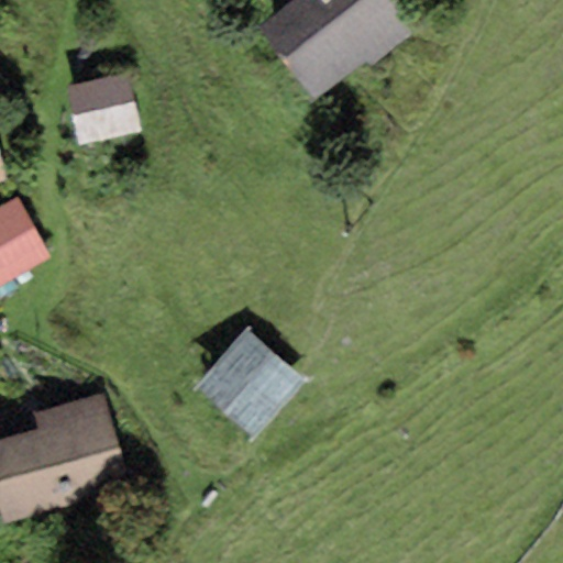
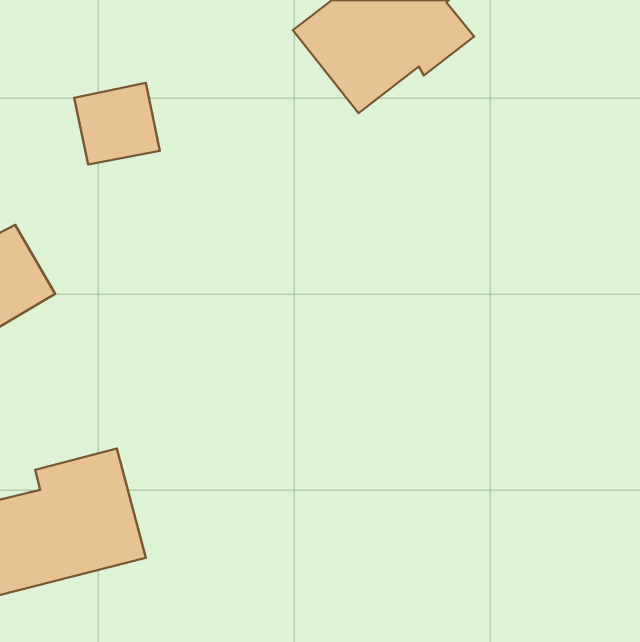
building: [192,327,306,439] -> none

